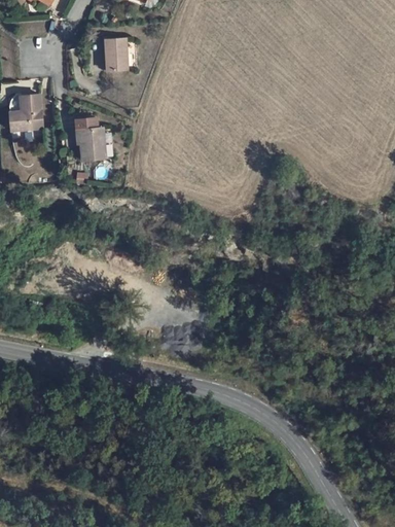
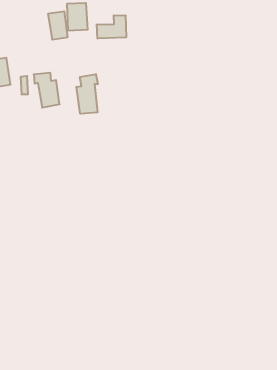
building: none -> [97,15,126,39]
building: none -> [77,74,98,114]

